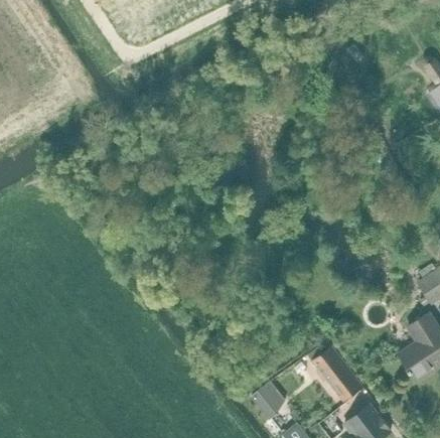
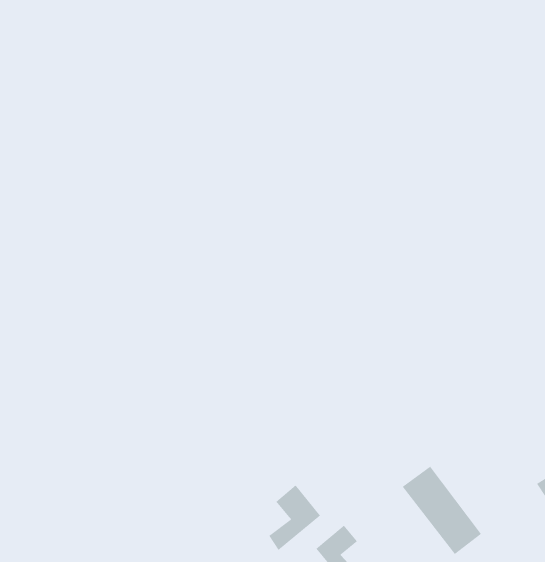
building: none -> [269,485,321,551]

